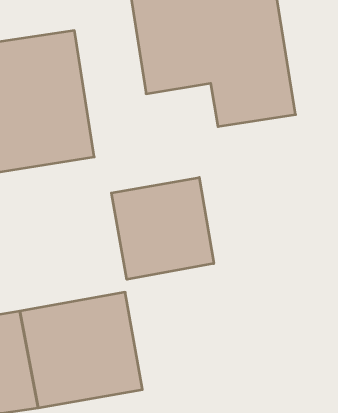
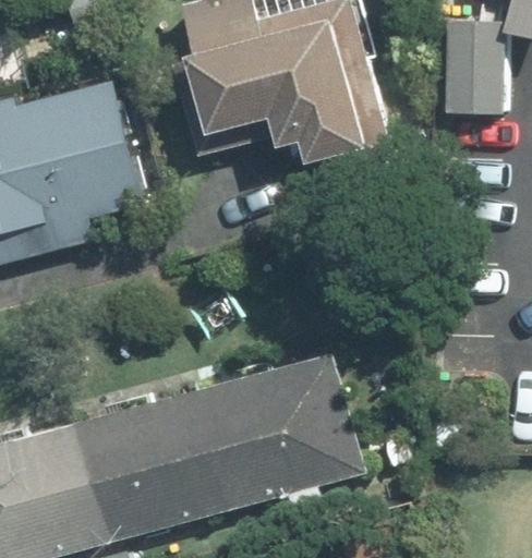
building: [111,177,214,279] -> none
building: none -> [200,355,361,510]

